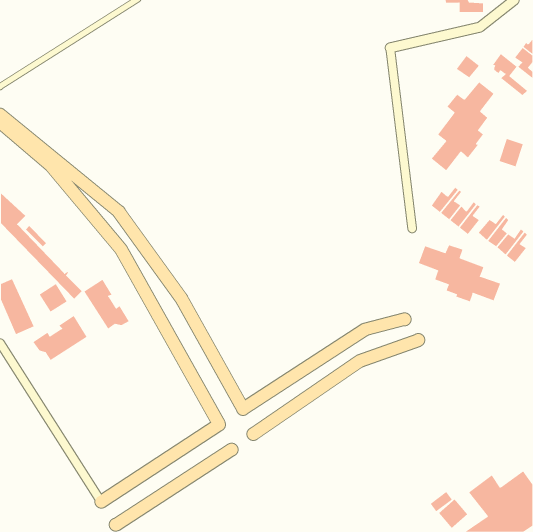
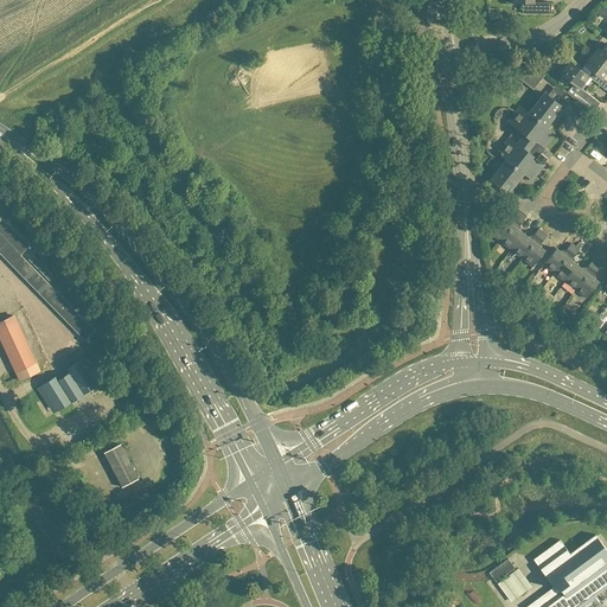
building: [499,138,523,167] -> none
building: [418,244,501,302] -> none
building: [84,279,129,329] -> none
building: [39,283,68,313] -> none
building: none -> [103,445,138,487]

